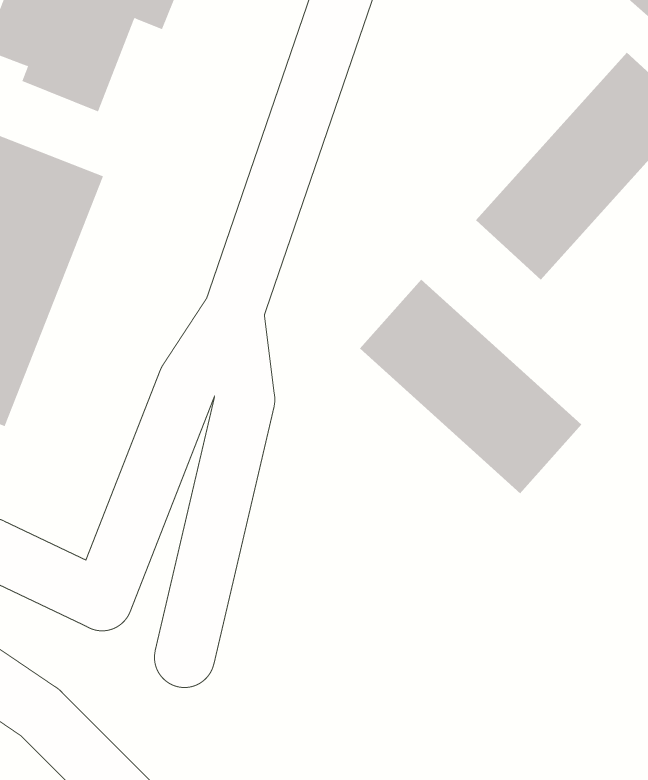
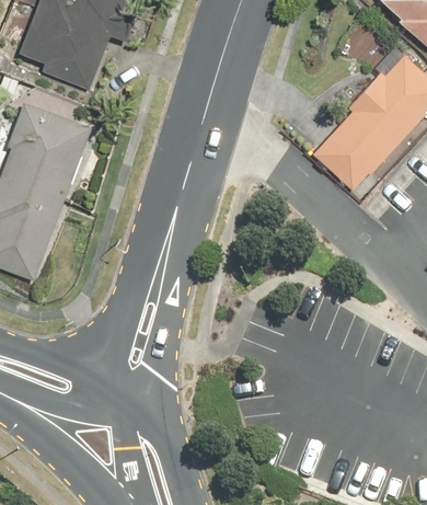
building: [359,279,582,494] -> none

